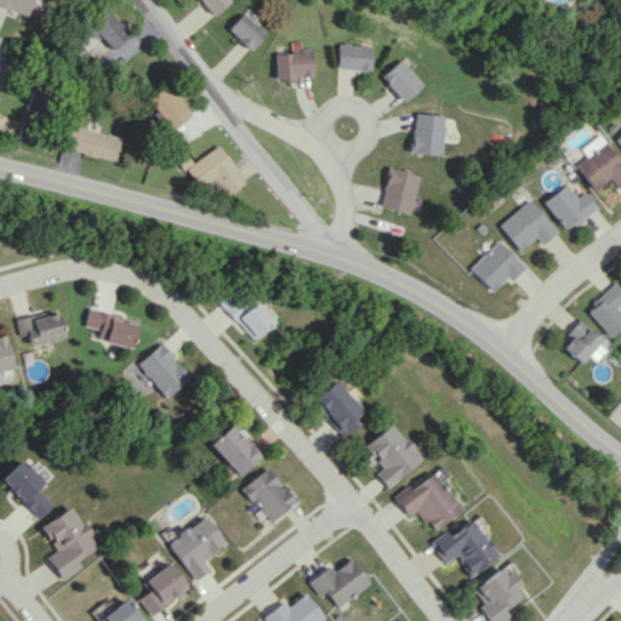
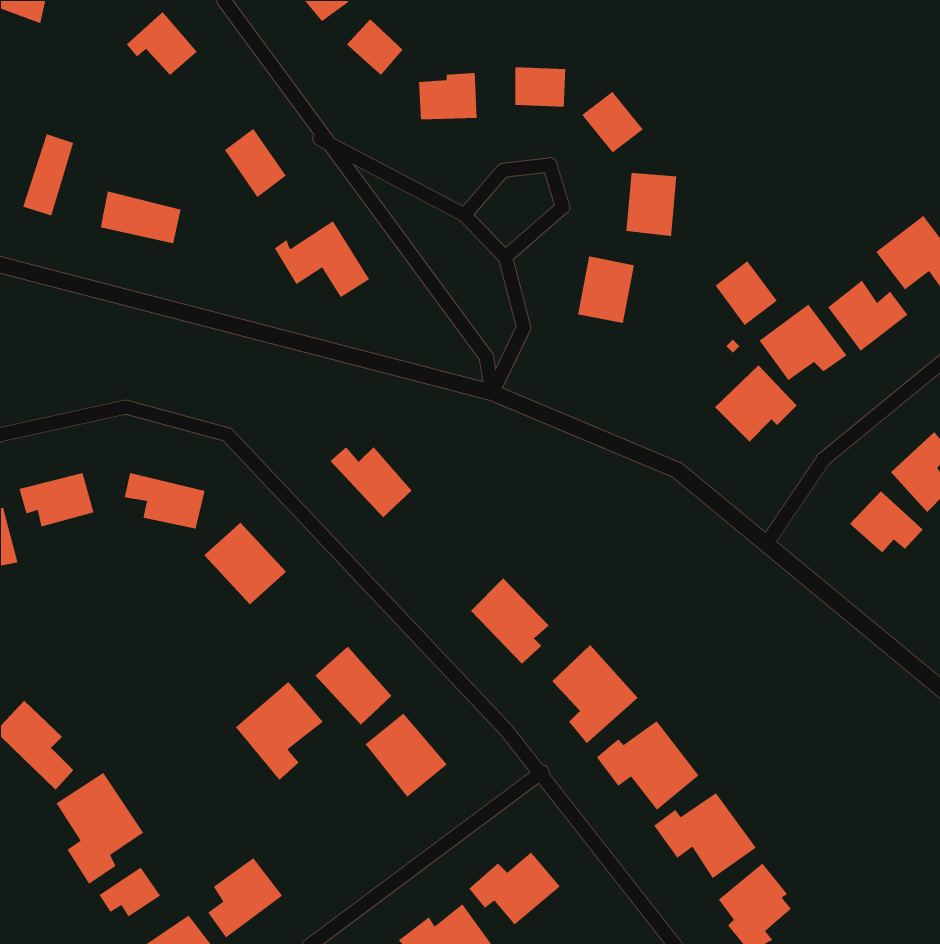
building: none -> [714,260,778,326]
building: [169,515,227,581] -> [235,681,324,781]
building: none -> [98,867,161,917]

